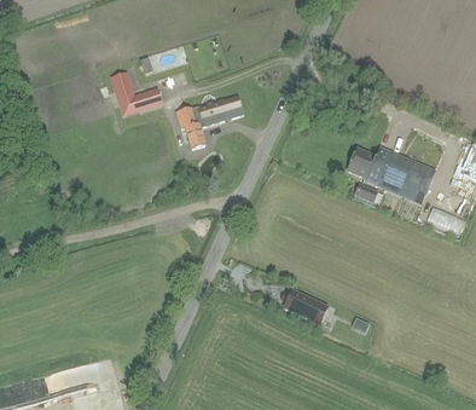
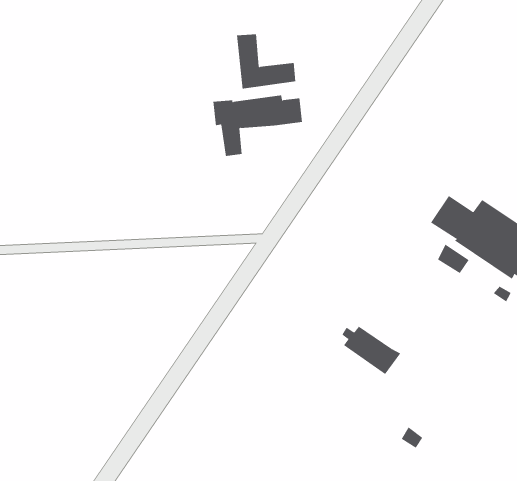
building: [114,70,162,111] -> [236,34,296,89]
building: [280,290,325,322] -> [342,326,401,375]

